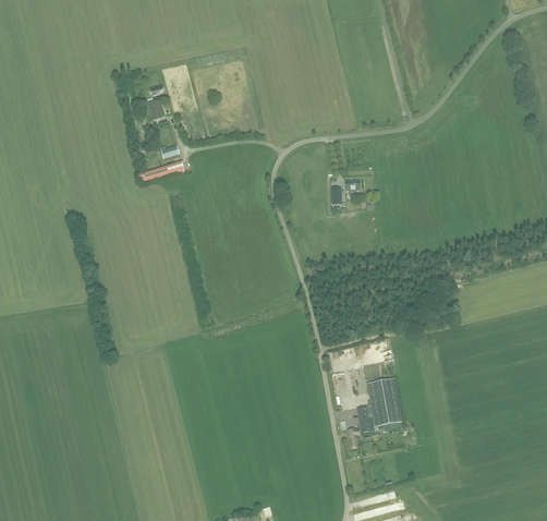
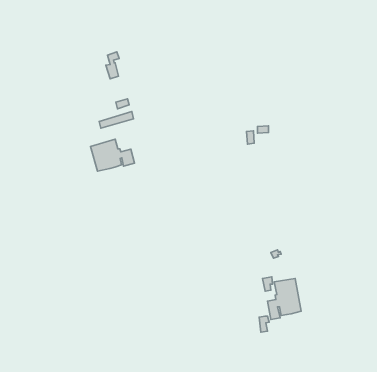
building: none -> [90,139,135,171]

